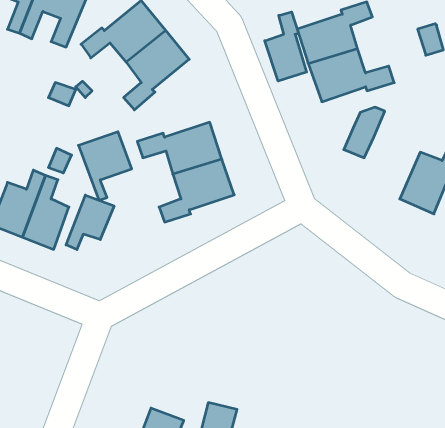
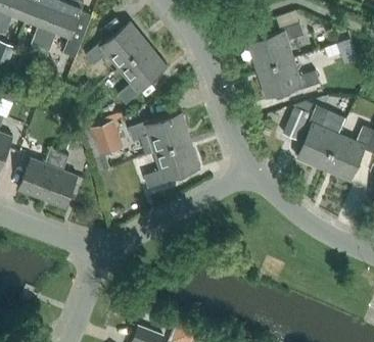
building: [265,12,307,81] -> none
building: none -> [297,106,339,170]
building: [66,195,114,250] -> none

